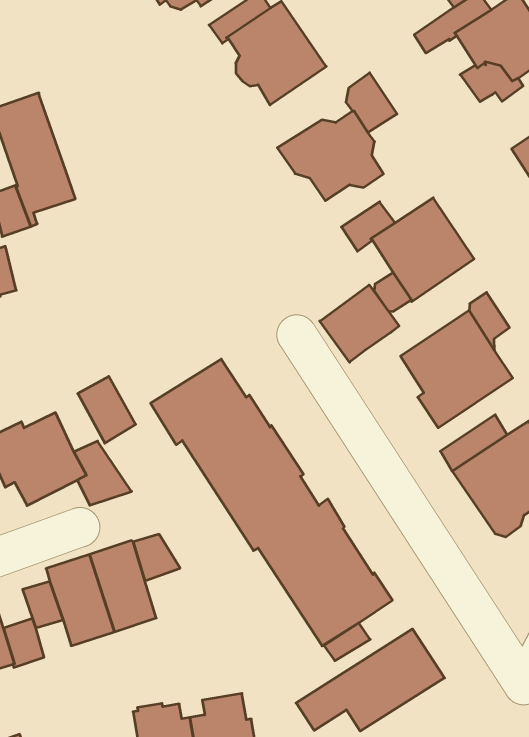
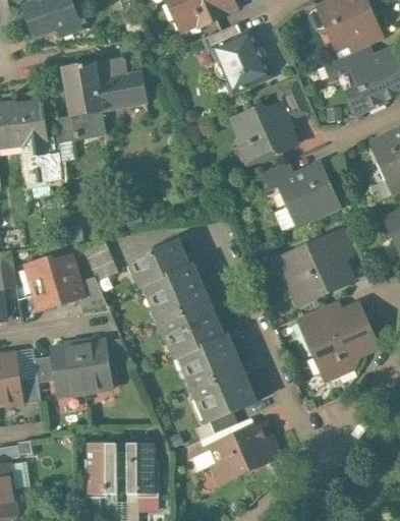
building: none -> [94,59,147,111]
building: [320,285,399,362] -> none

